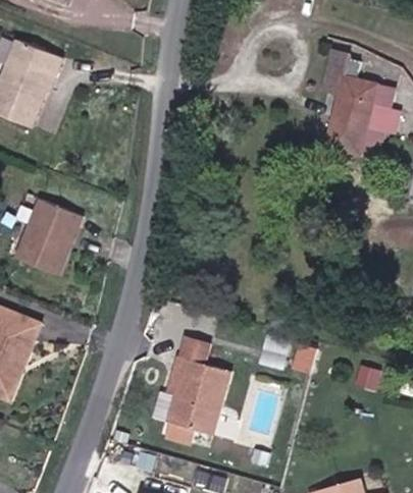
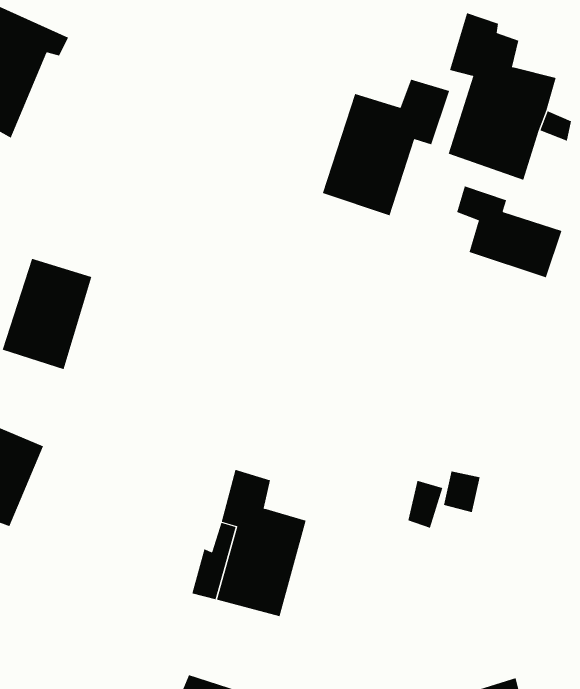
building: none -> [322,79,450,216]
building: none -> [456,185,562,278]

